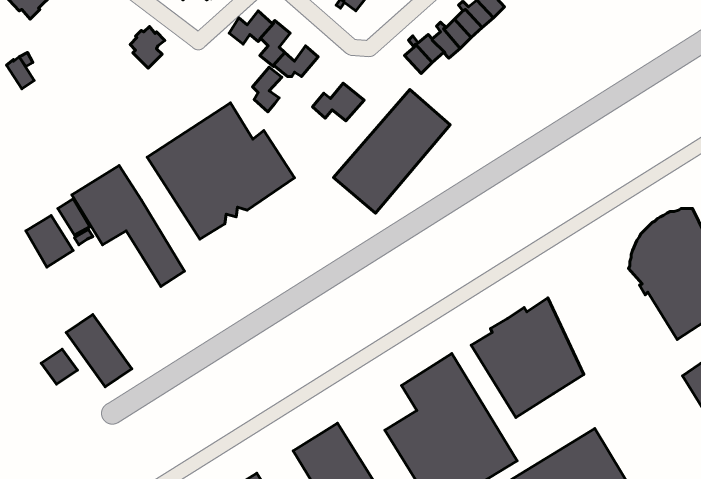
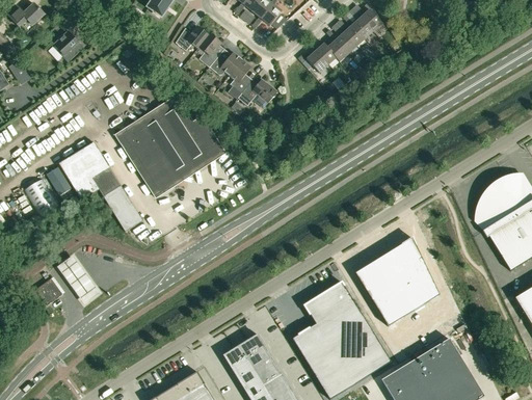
building: [130,26,165,68] -> [54,31,80,62]
building: [253,67,282,112] -> [230,60,251,94]
building: [334,90,450,213] -> none

